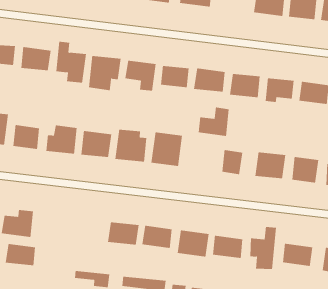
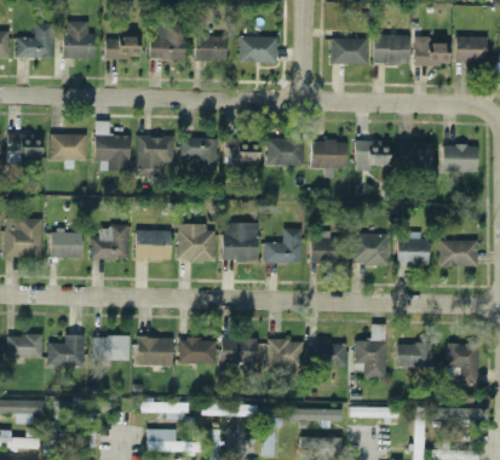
building: [198,107,230,136] -> [265,229,301,264]
building: none -> [137,338,173,367]
building: [5,244,36,266] -> [93,337,130,361]

